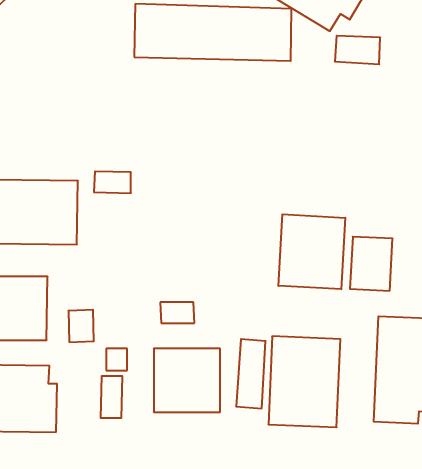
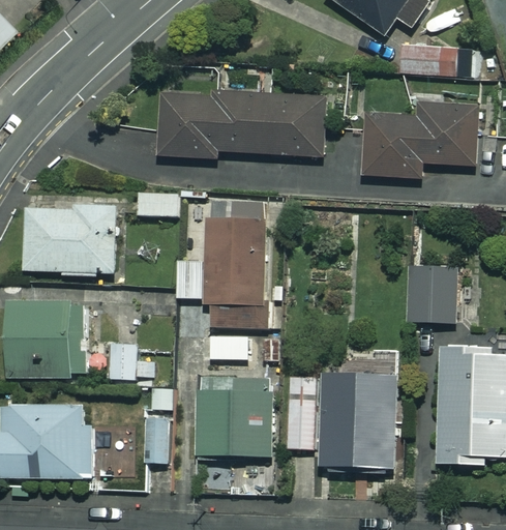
building: [134,4,292,61] -> [152,94,324,156]
building: none -> [360,100,480,180]
building: none -> [199,203,267,328]
building: [278,214,345,289] -> none

